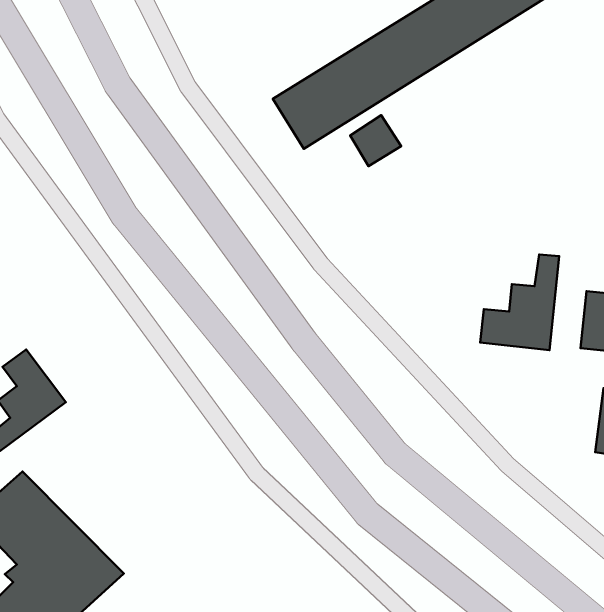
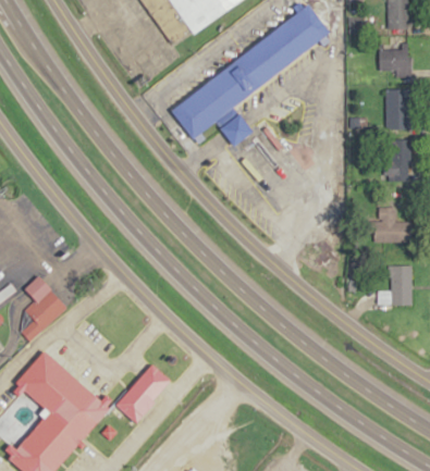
building: [480,254,559,350] -> none
building: none -> [118,363,172,421]

